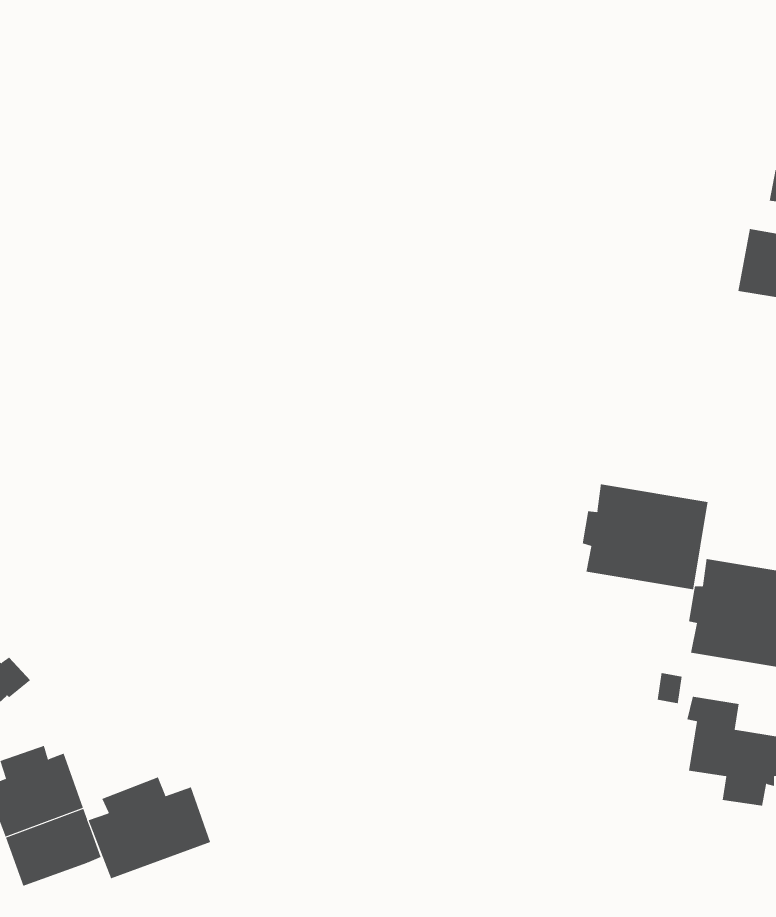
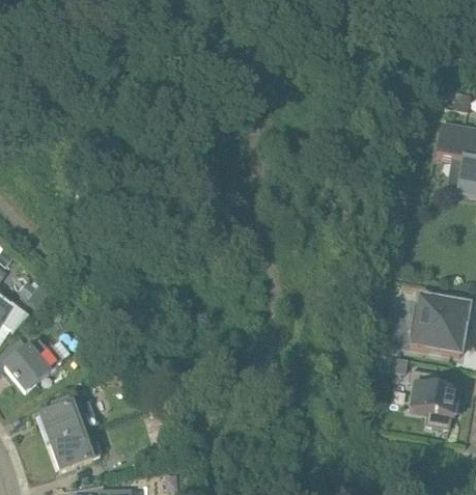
building: [582,483,708,590] -> none
building: [88,777,211,879] -> none

